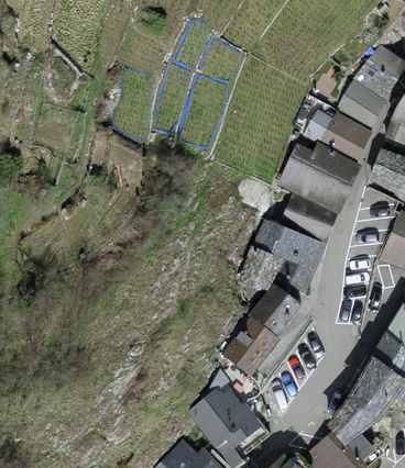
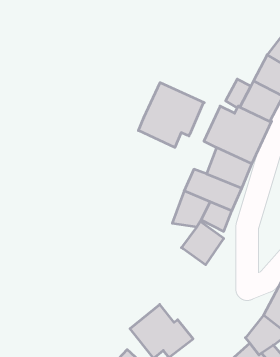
building: none -> [138,83,204,147]
building: [222,315,280,375] -> none

